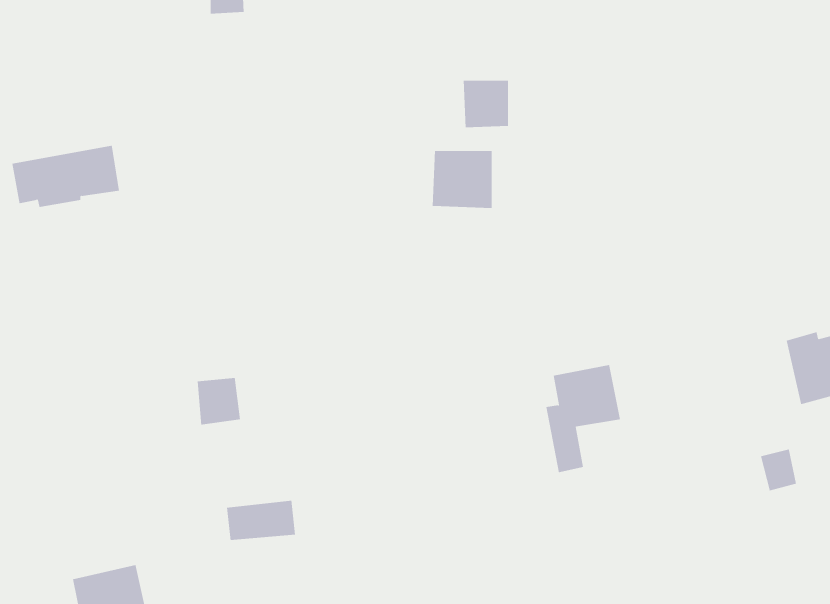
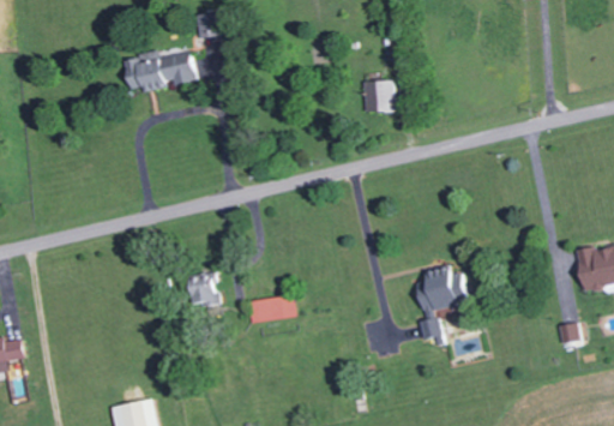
building: [11,145,120,207] -> [125,50,195,91]
building: [432,150,492,209] -> none
building: [226,500,296,540] -> [249,295,295,322]

